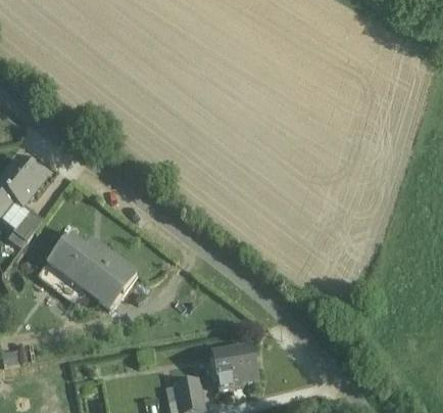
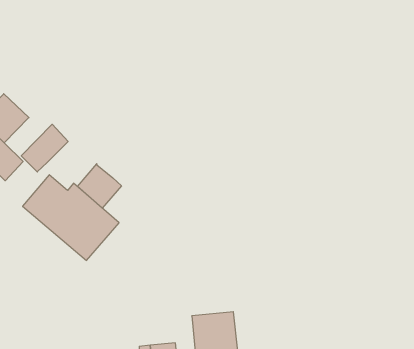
building: none -> [21,124,68,172]
building: none -> [78,164,121,208]

